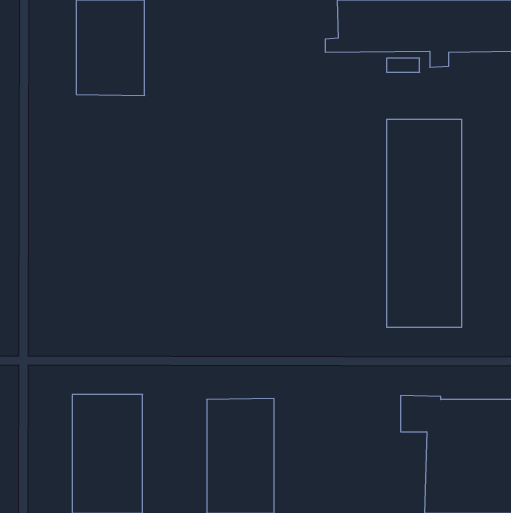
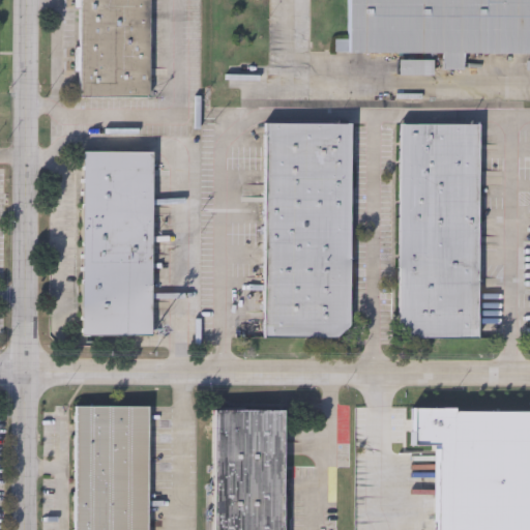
building: none -> [265,123,352,337]
building: none -> [84,152,153,335]

